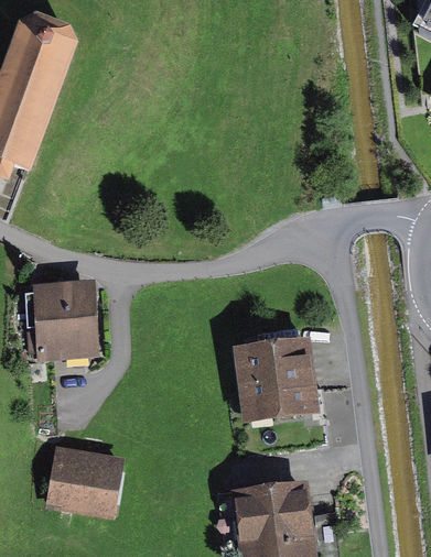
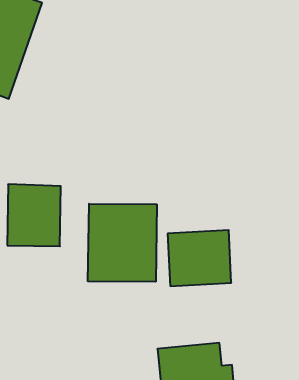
building: none -> [88,204,157,282]
building: [44,446,127,518] -> none

